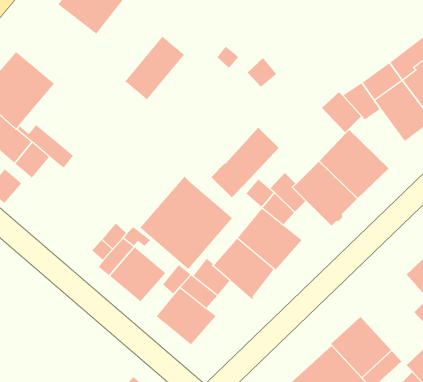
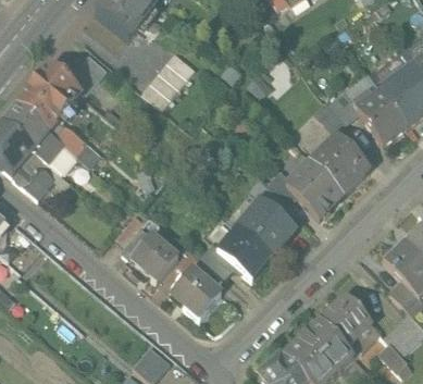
building: none -> [69,55,108,97]
building: [211,127,280,198] -> none
building: [139,176,233,270] -> none

